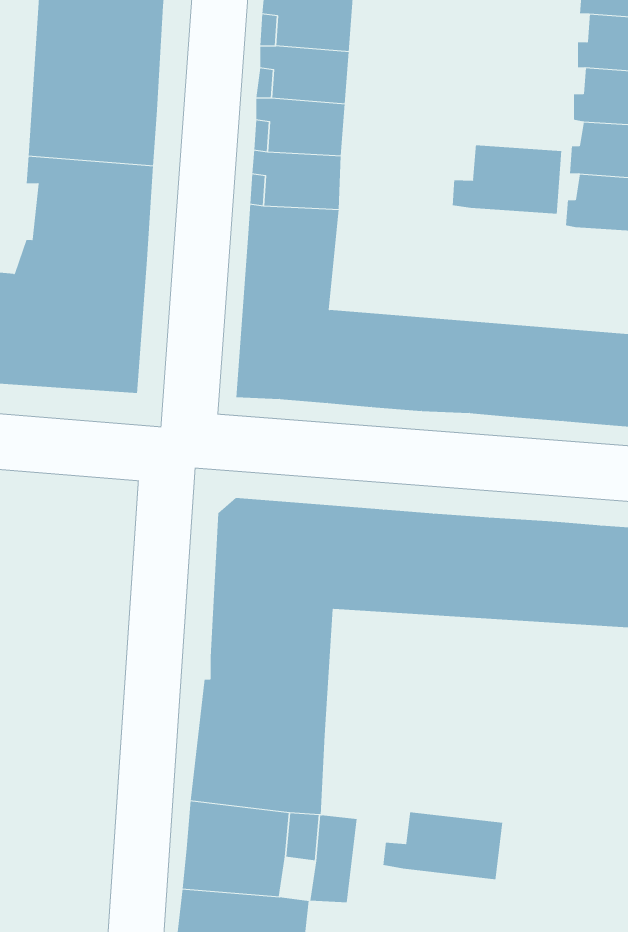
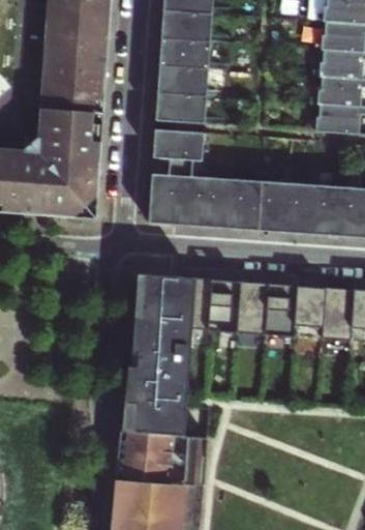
building: [452,144,562,215] -> none
building: [383,811,503,880] -> none

